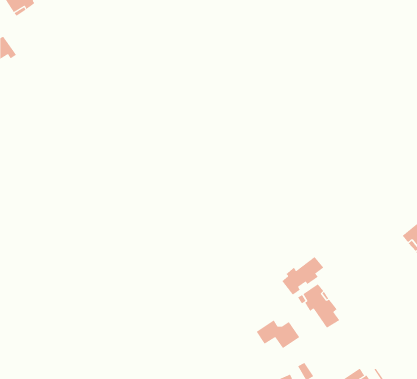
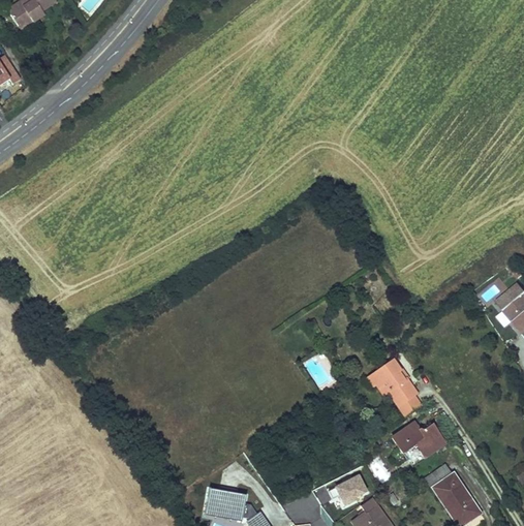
building: [281,256,324,295] -> none
building: [256,319,300,349] -> [392,422,446,458]

